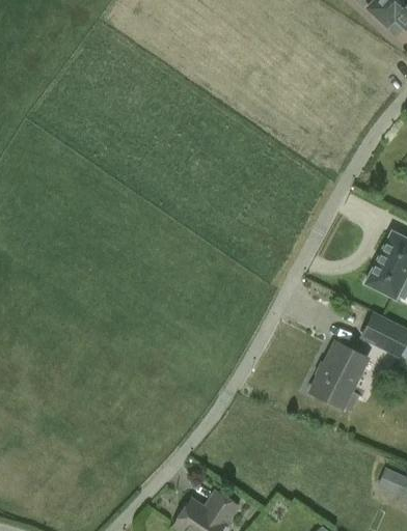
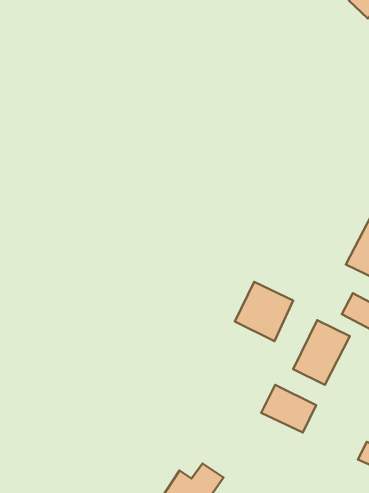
building: none -> [235,282,293,341]
building: none -> [261,385,316,433]

